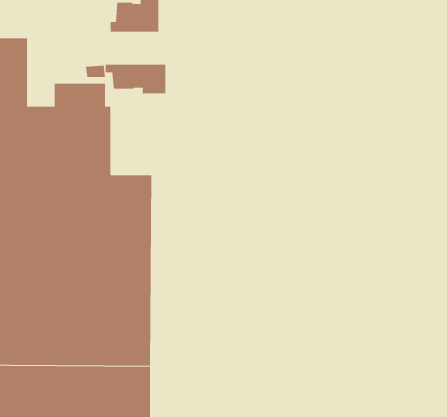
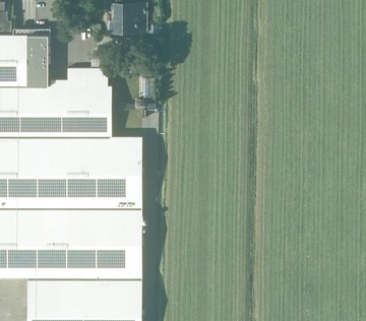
building: [105,64,166,94] -> none

